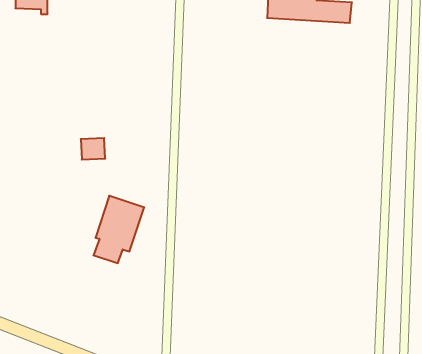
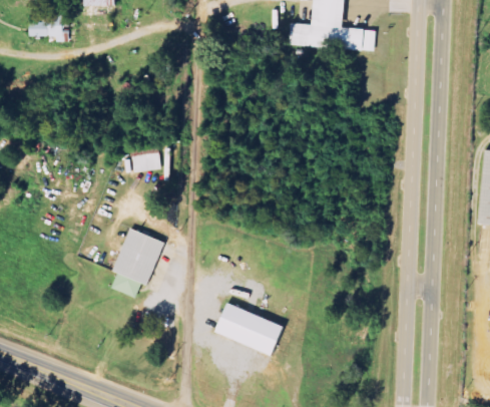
building: [81,138,105,160] -> [136,147,161,169]
building: none -> [212,302,281,354]

